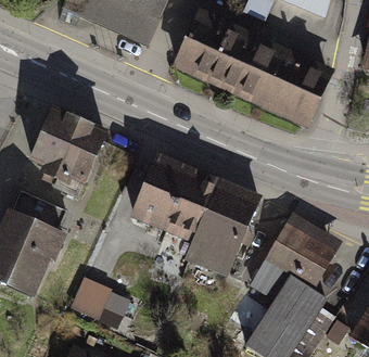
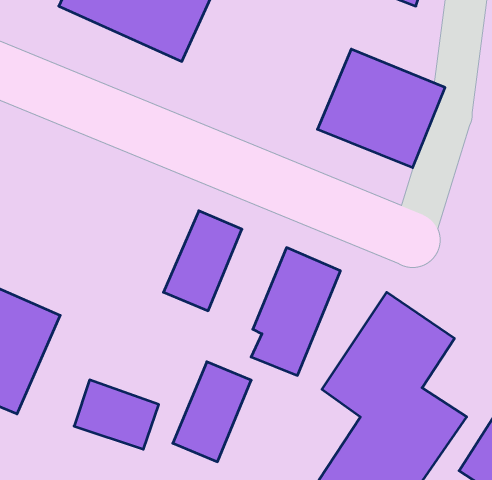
building: [176,13,266,97] -> none
building: [33,109,104,192] -> none
building: [165,167,220,238] -> [173,362,251,462]

